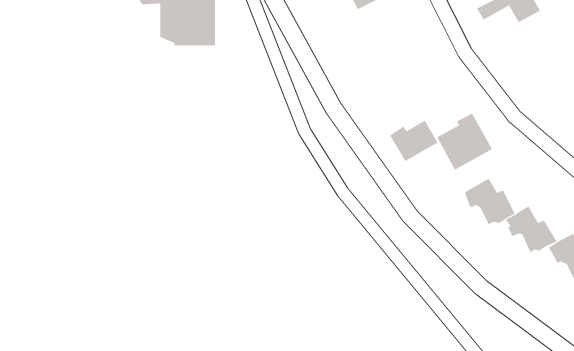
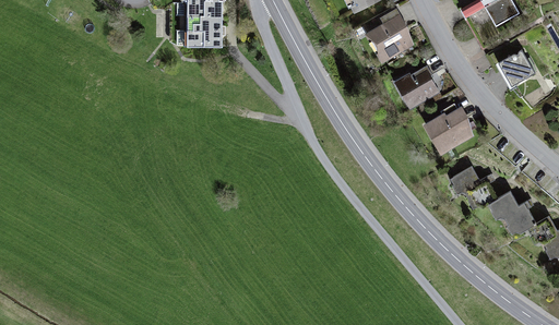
building: none -> [365,7,416,59]
building: none -> [497,50,537,89]
building: [389,120,438,162] -> [394,67,439,105]

